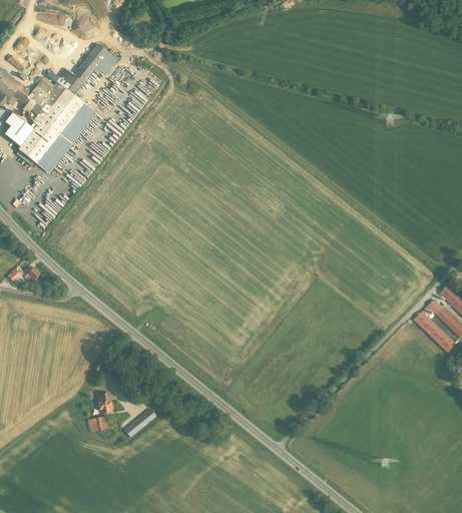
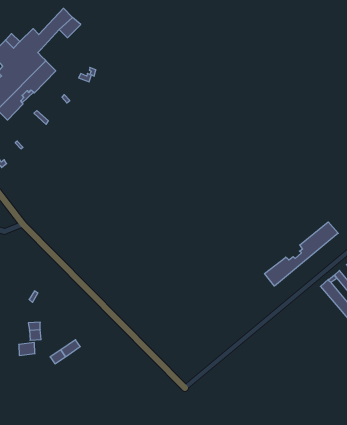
building: none -> [265,222,338,286]

